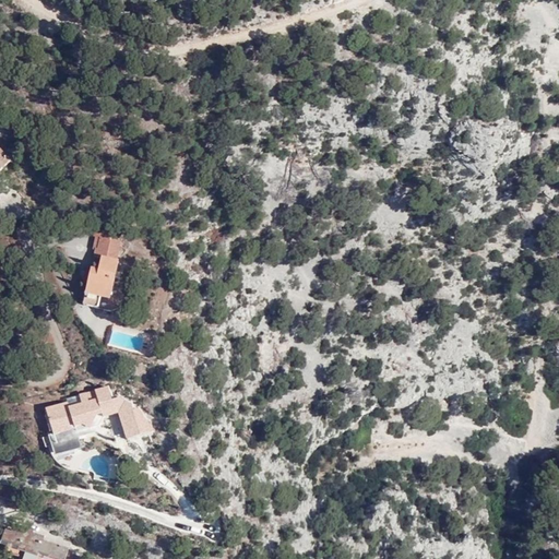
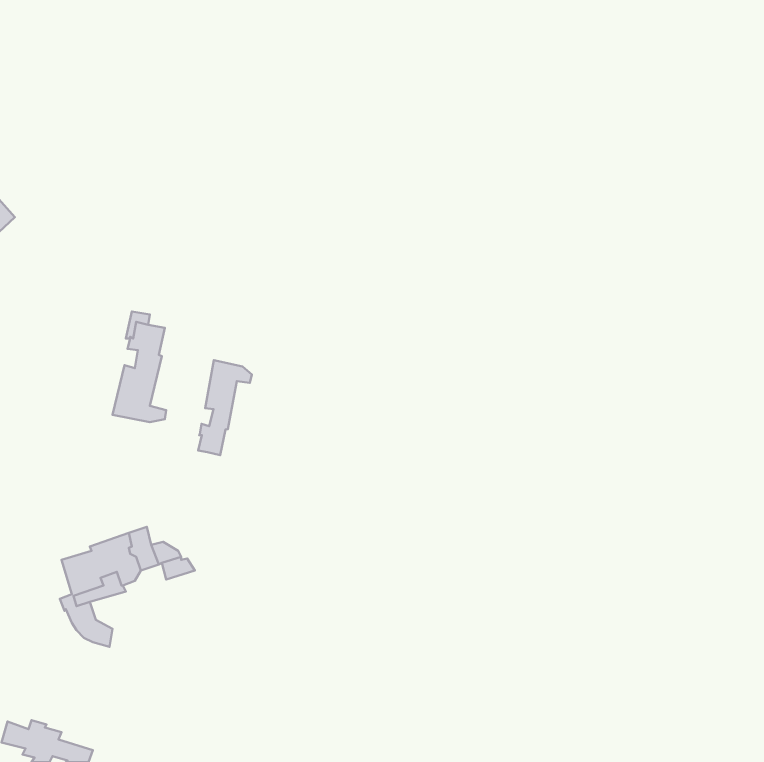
building: none -> [198,360,252,455]
building: [121,416,153,438] -> none

